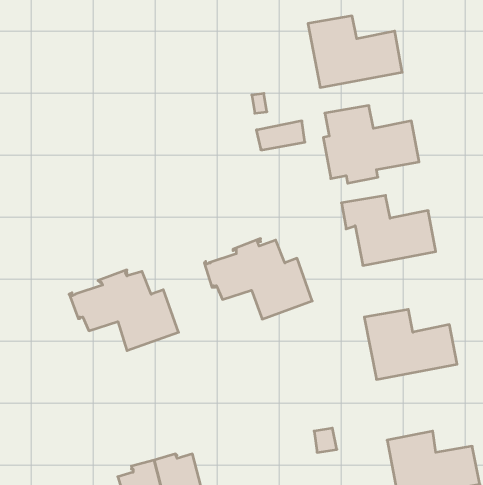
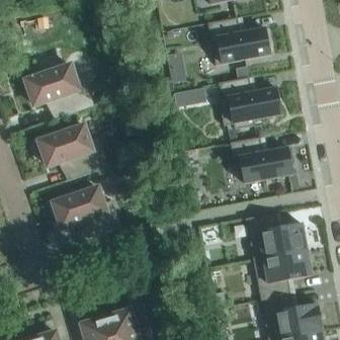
building: none -> [22,63,95,116]
building: [204,239,312,319] -> [36,123,108,177]
building: none -> [254,248,313,299]

